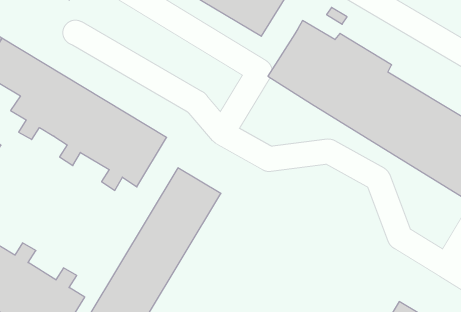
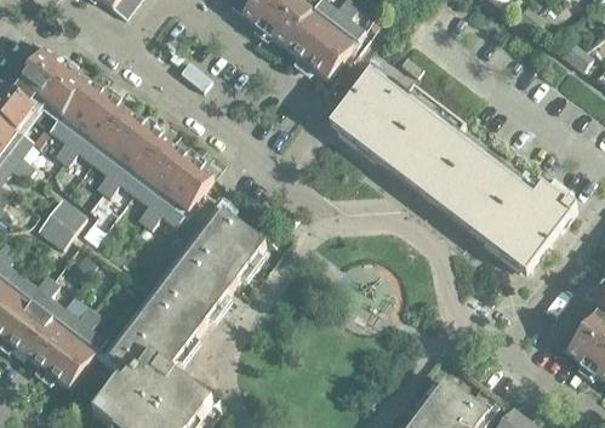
building: none -> [36,196,85,246]

